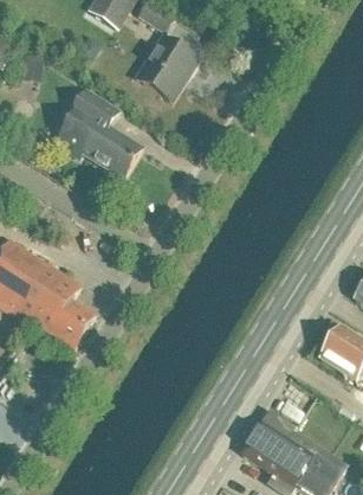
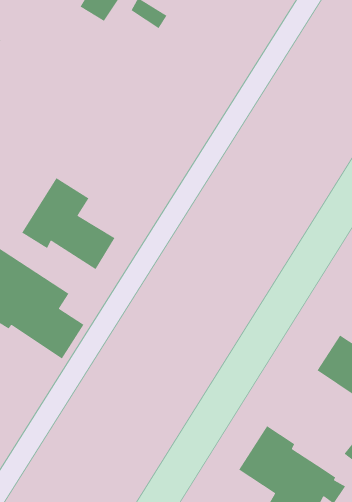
building: [136,36,197,98] -> none
building: [52,89,142,178] -> [21,177,116,270]

